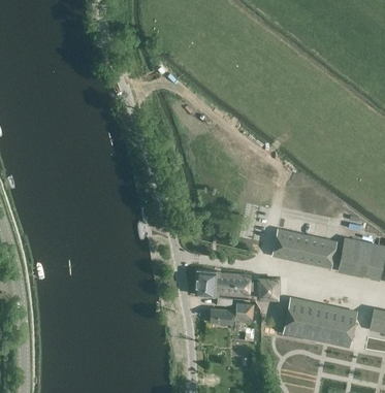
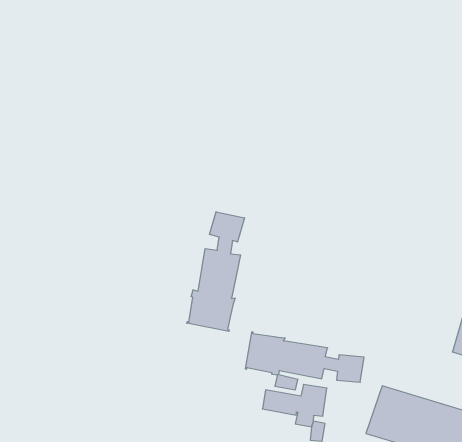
building: none -> [187,212,244,331]
building: [272,230,335,268] -> none

